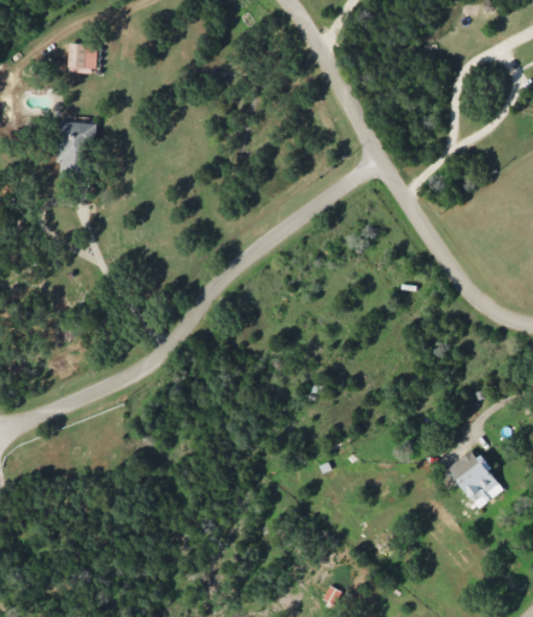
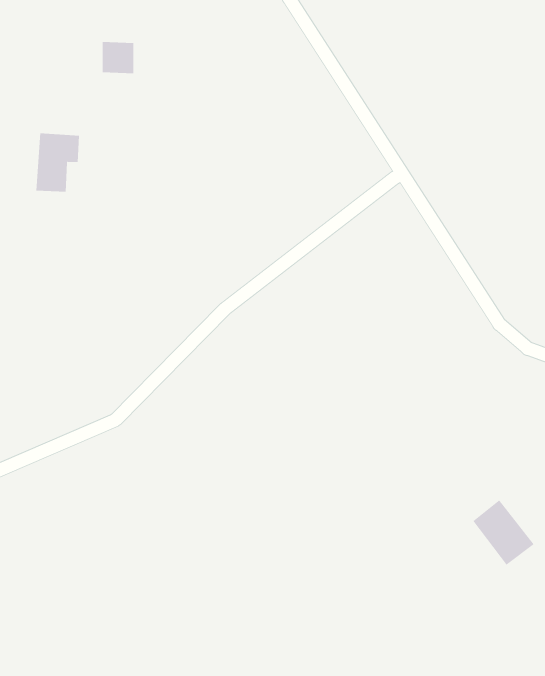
building: [69,43,98,72] -> [102,41,134,74]

